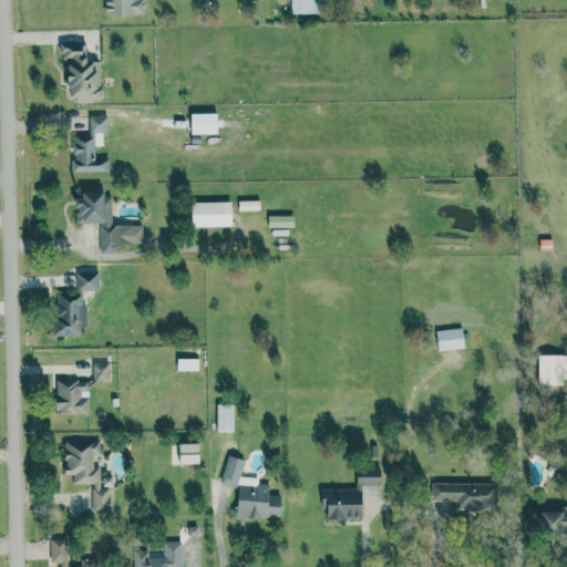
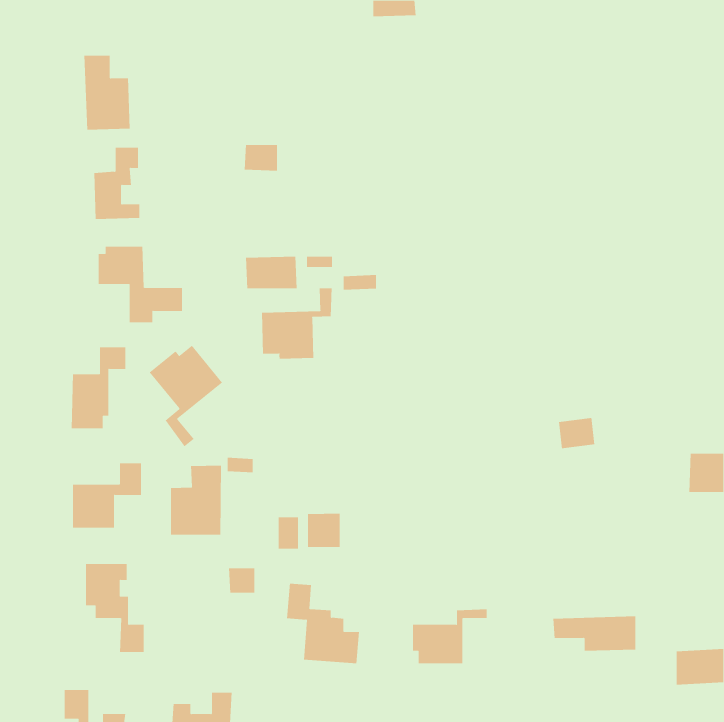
building: none -> [261,288,332,359]
building: none -> [149,345,223,447]
building: none -> [170,465,221,536]
building: none -> [307,513,340,548]

